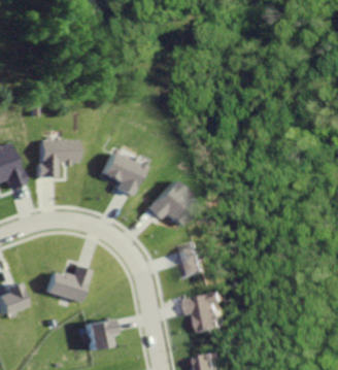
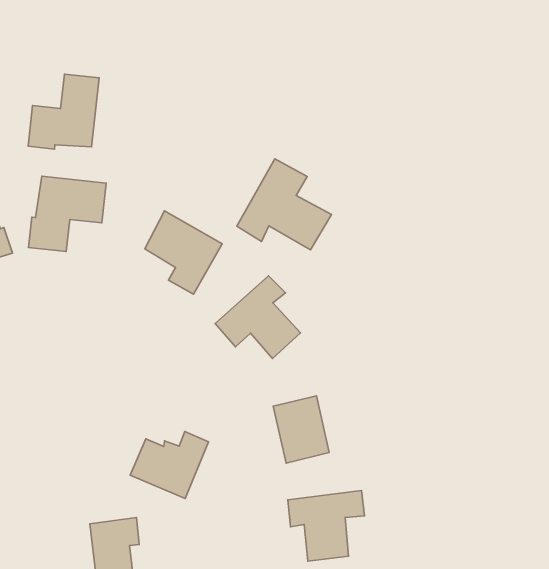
building: none -> [28,74,99,149]
building: none -> [237,159,331,250]
building: [49,265,90,301] -> [130,432,209,499]

